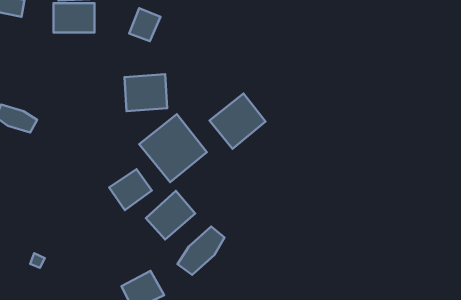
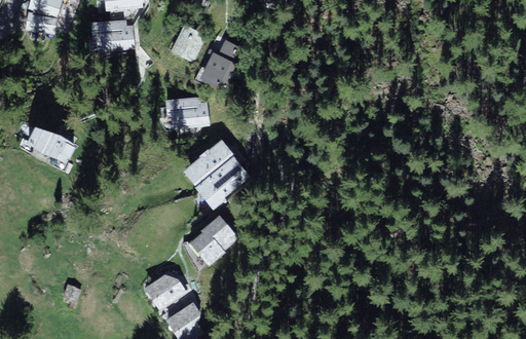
building: none -> [196,48,228,85]
building: [209,94,266,149] -> none
building: [109,169,152,210] -> [144,265,189,308]
building: [178,226,224,275] -> none

